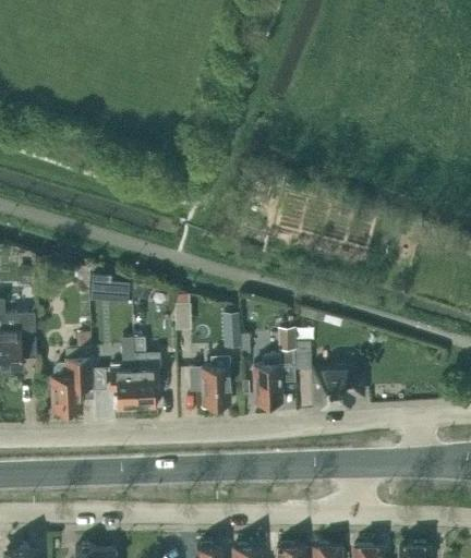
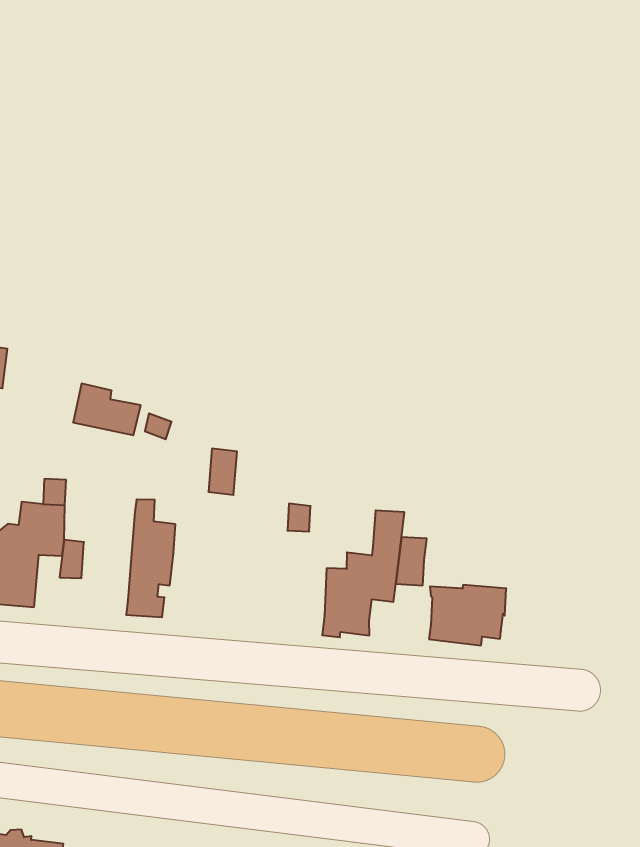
building: [109,347,135,410] -> none
building: [188,356,230,409] -> none

